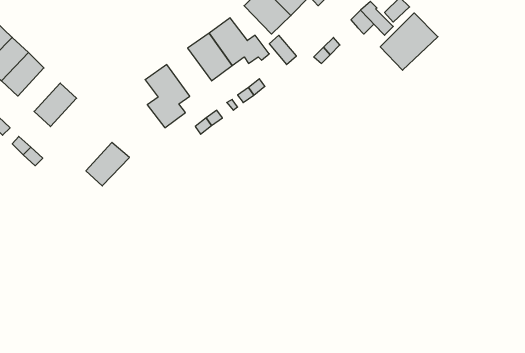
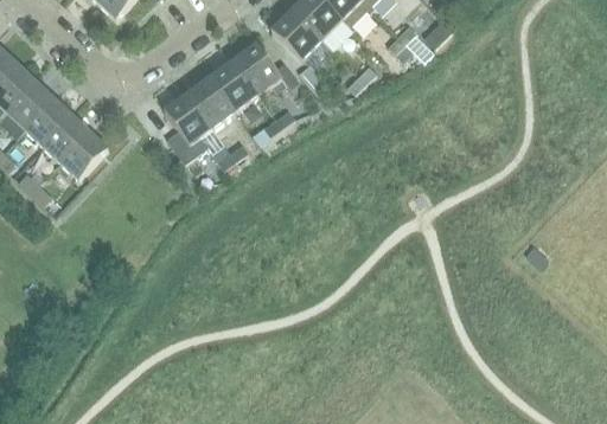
building: [380,13,438,70] -> none
building: none -> [187,76,236,128]
building: none -> [25,97,71,144]
building: [86,142,129,186] -> [60,130,108,178]

